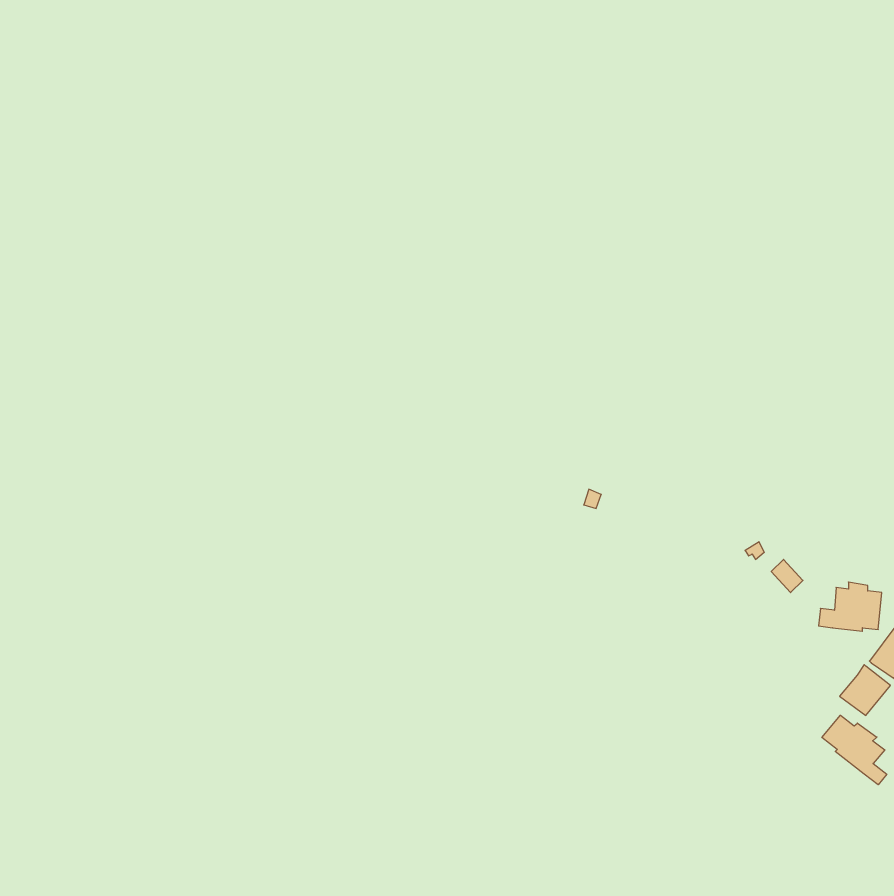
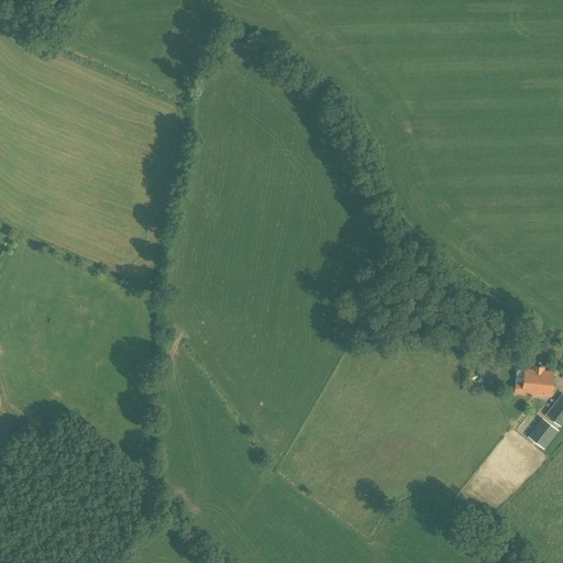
building: [822,715,887,785] -> none

